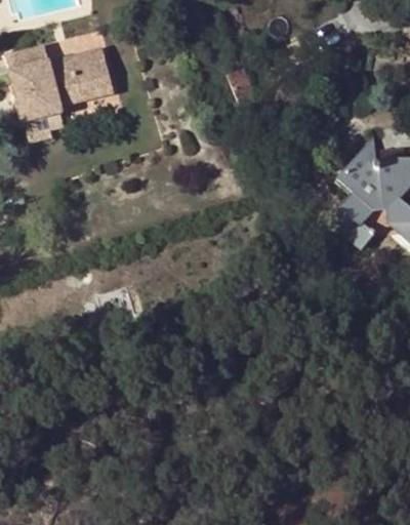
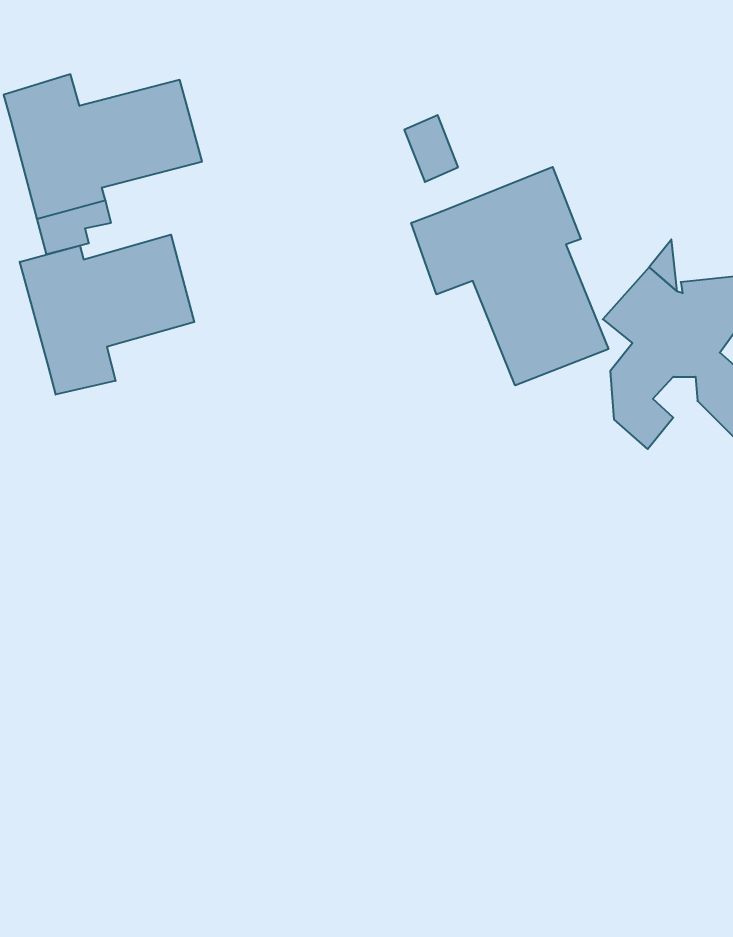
building: none -> [411,167,608,385]
building: none -> [20,235,194,395]

